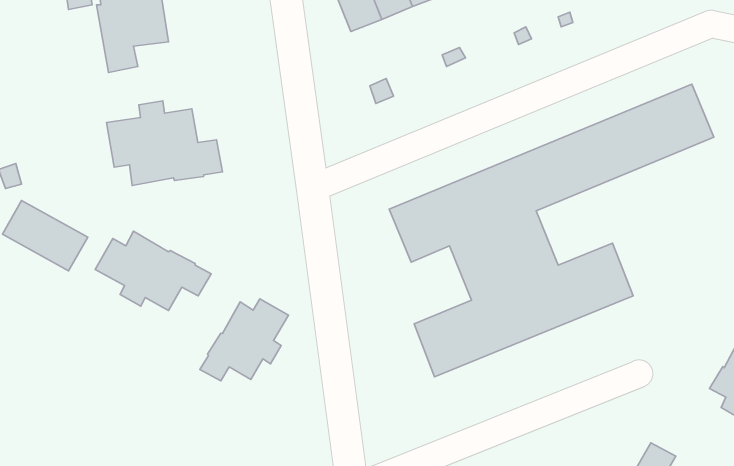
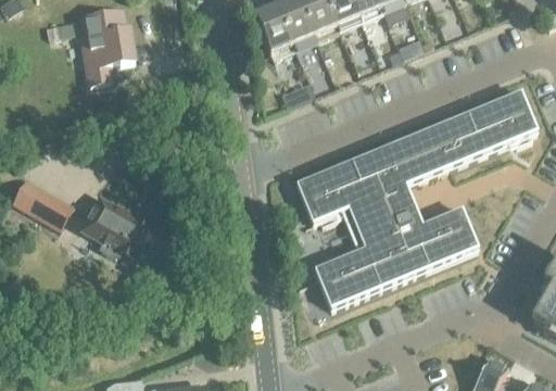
building: [106,101,223,186] -> none
building: [200,299,289,381] -> none

